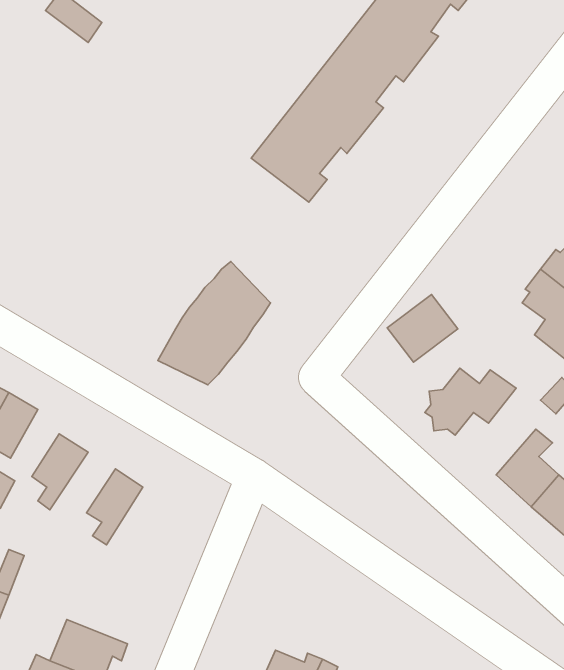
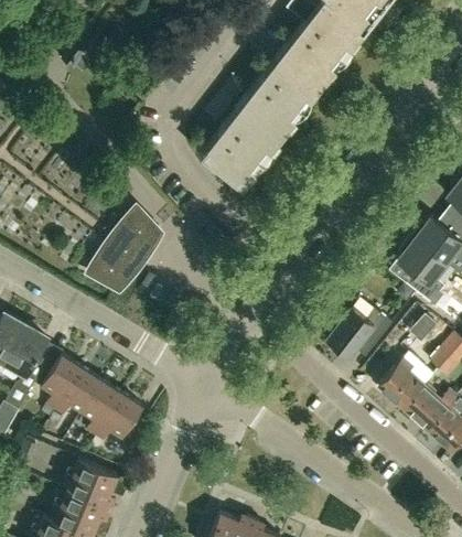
building: [158,262,270,385] -> [85,203,166,292]
building: [387,295,458,362] -> none
building: none -> [56,368,104,415]
building: none -> [97,394,144,441]
building: none -> [68,459,119,507]

